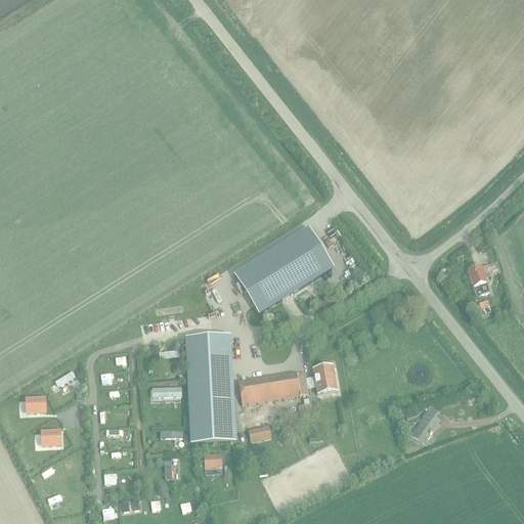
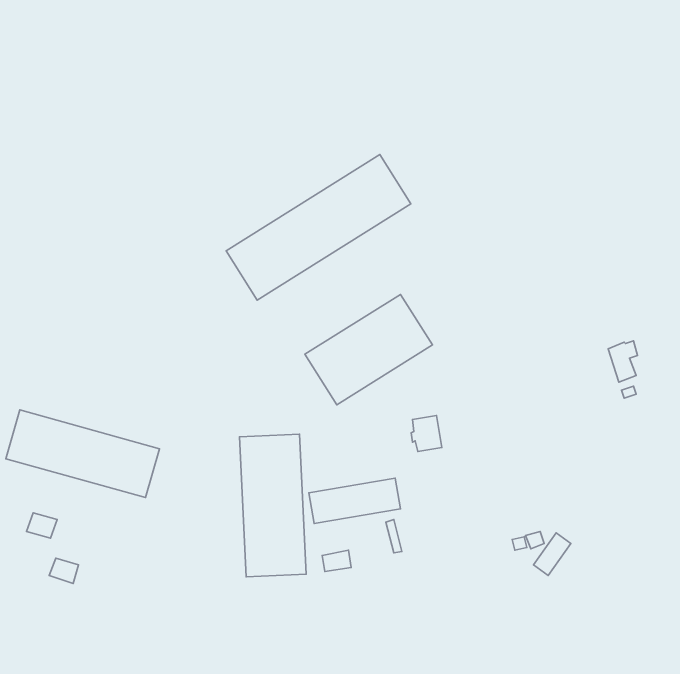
building: none -> [226,155,411,300]
building: none -> [6,410,159,498]
building: [312,363,336,391] -> [411,416,442,452]

